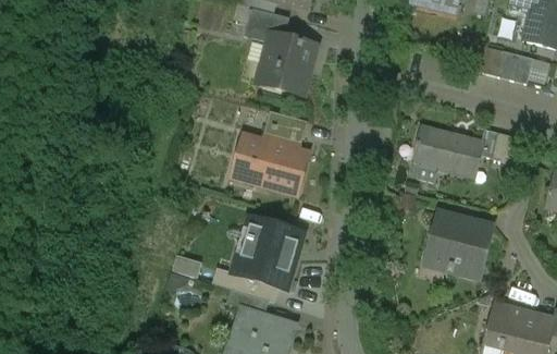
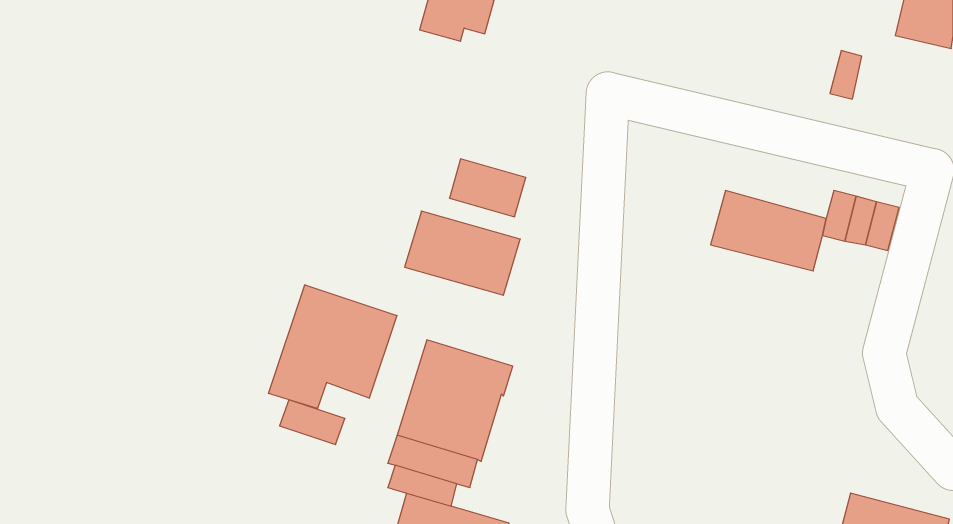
building: [257,34,311,95] -> none
building: [497,50,532,83] -> none
building: none -> [268,285,397,409]
building: [430,215,493,277] -> none

